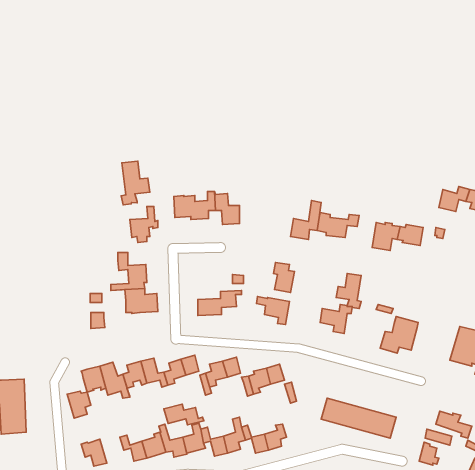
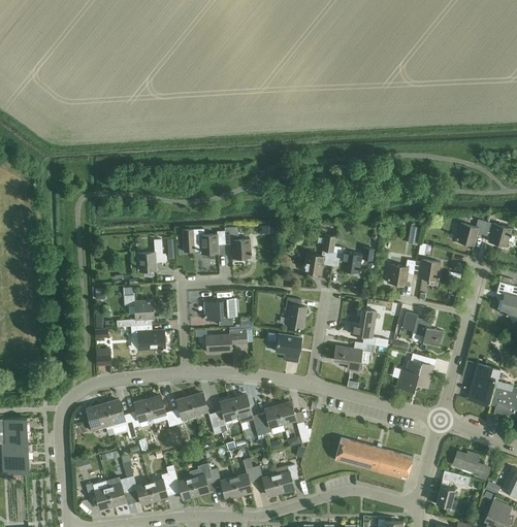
building: [121,161,150,205] -> none
building: none -> [204,297,237,324]
building: none -> [403,311,443,345]
building: [67,391,91,418] -> [105,476,130,504]
building: [164,404,204,425] -> none

